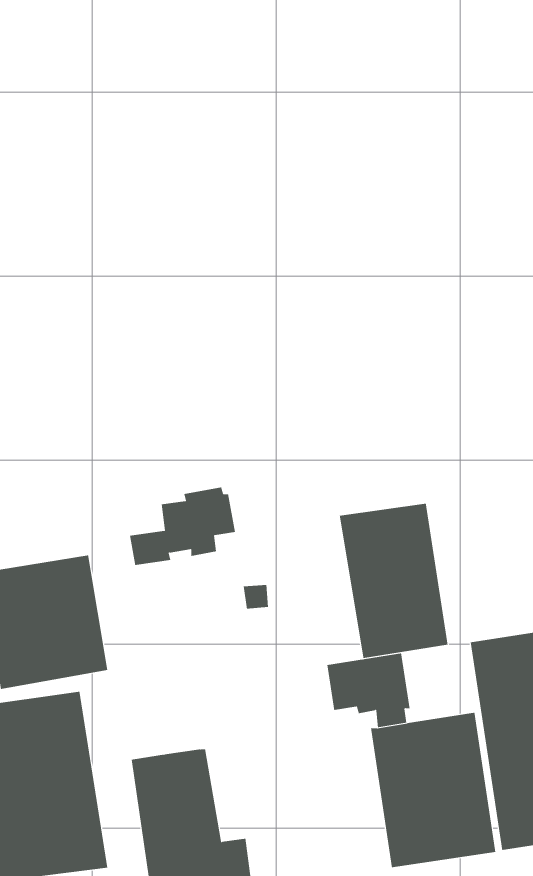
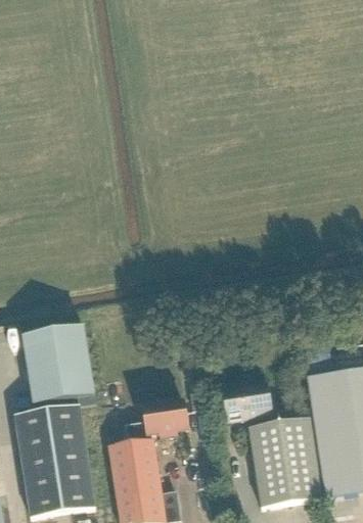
building: [129,487,236,565] -> [125,395,187,441]
building: [339,503,448,659] -> none

